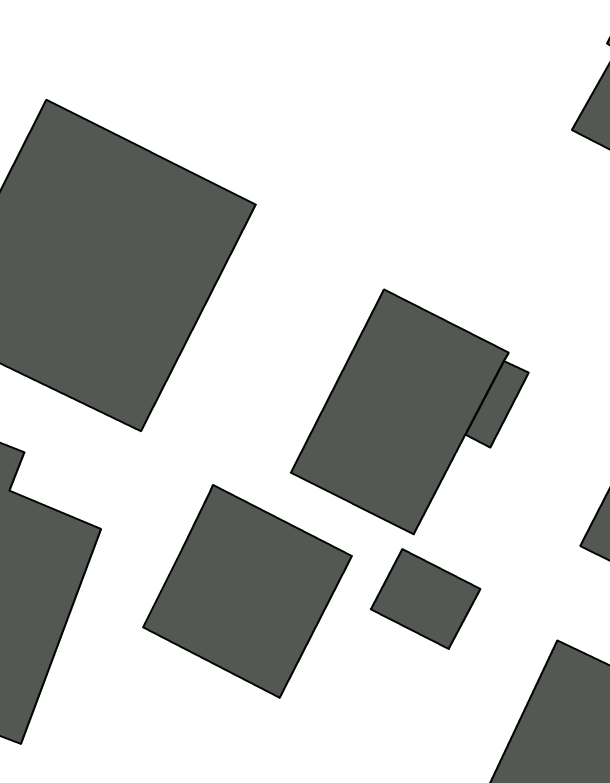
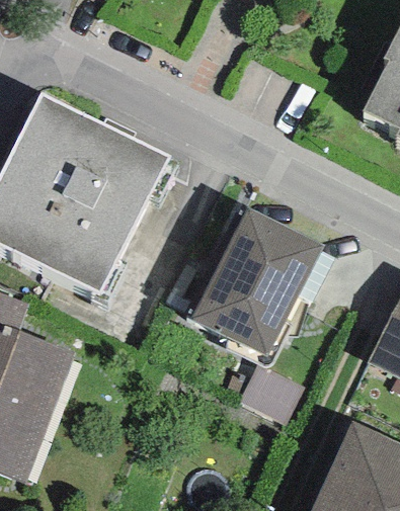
building: [143,485,352,698] -> none

